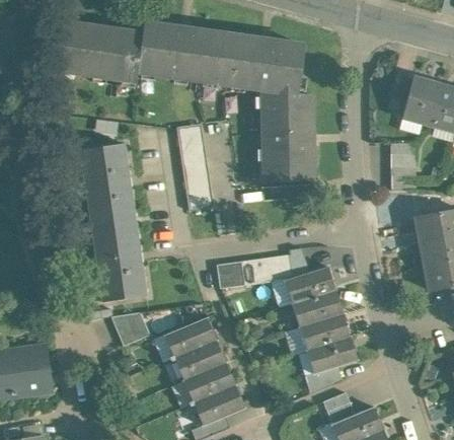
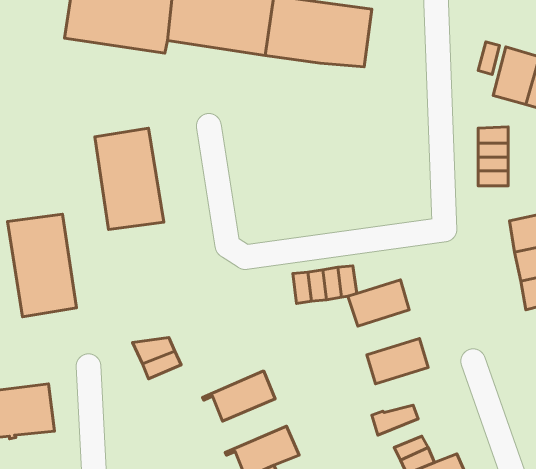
building: [261,90,311,182] -> none
building: [177,121,211,208] -> none
building: [90,219,146,302] -> [7,214,76,317]
building: [215,261,242,288] -> none
building: [292,290,342,326] -> none
building: [164,316,215,361] -> none
building: [306,337,356,373] -> none
building: [182,362,234,406] -> none

